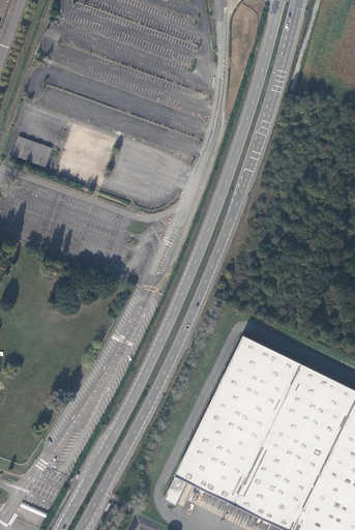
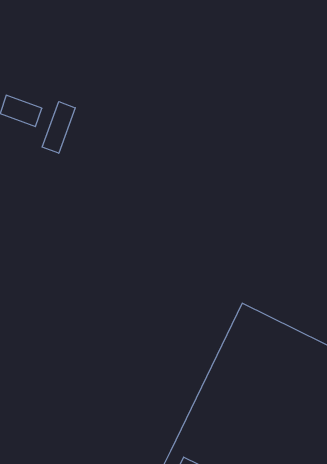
building: none -> [42,102,75,153]

